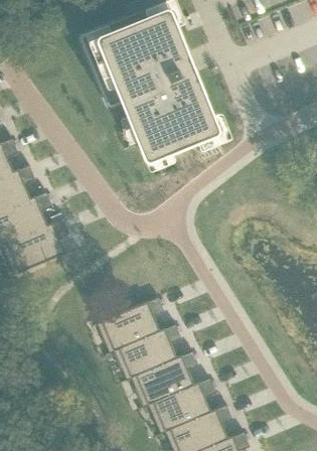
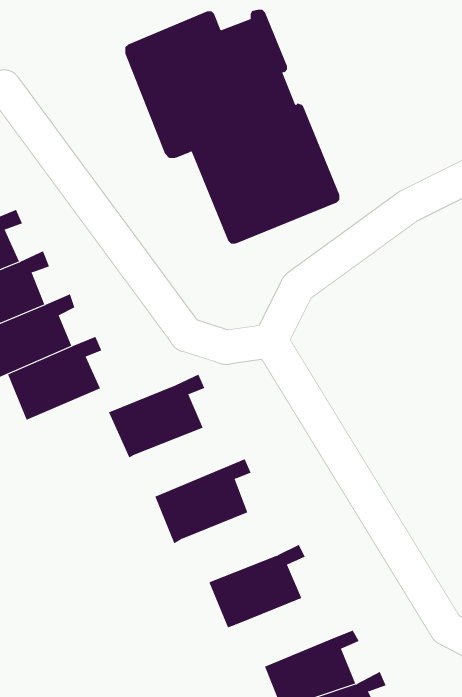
building: [118,324,179,378] -> [108,374,205,458]
building: [152,379,213,432] -> none

